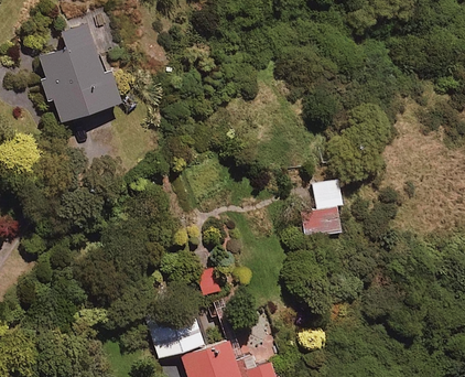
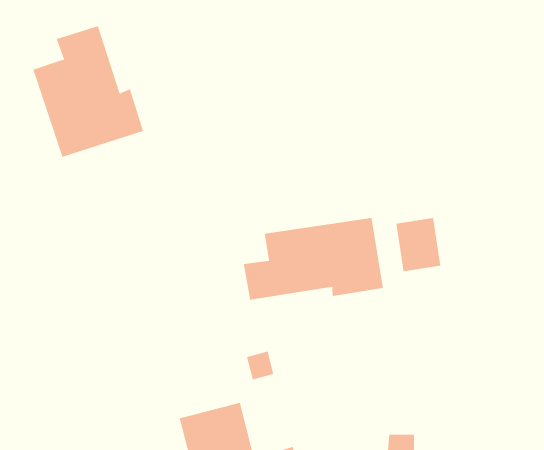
building: none -> [243,217,384,300]
building: [302,207,343,238] -> none

